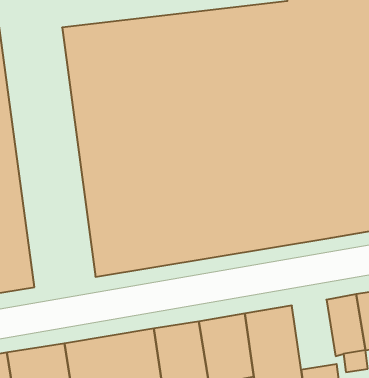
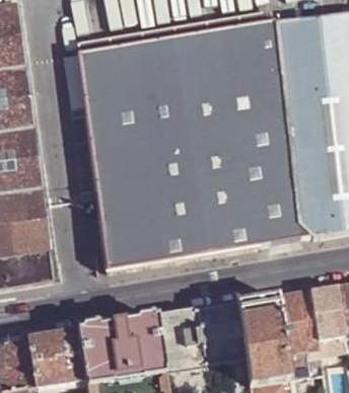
building: none -> [280,290,320,351]

